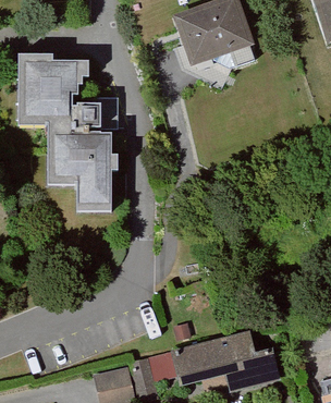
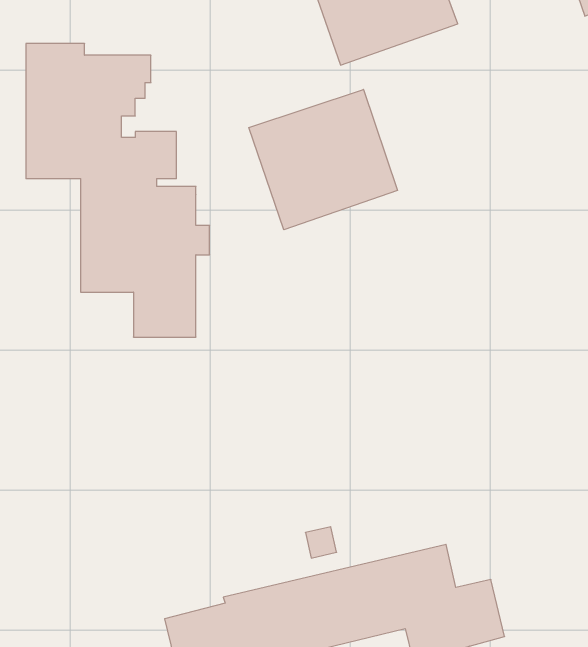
building: none -> [249,89,397,230]

